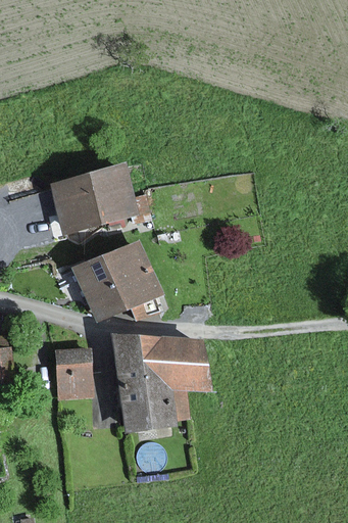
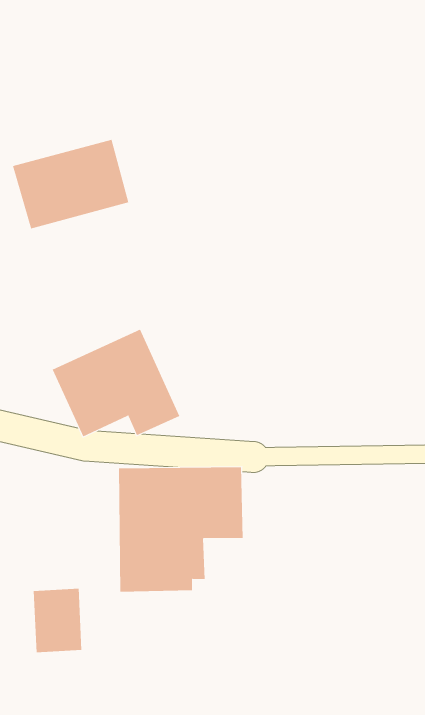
building: [51,163,136,229] -> [12,139,129,229]
building: [54,348,90,395] -> [33,588,82,653]

